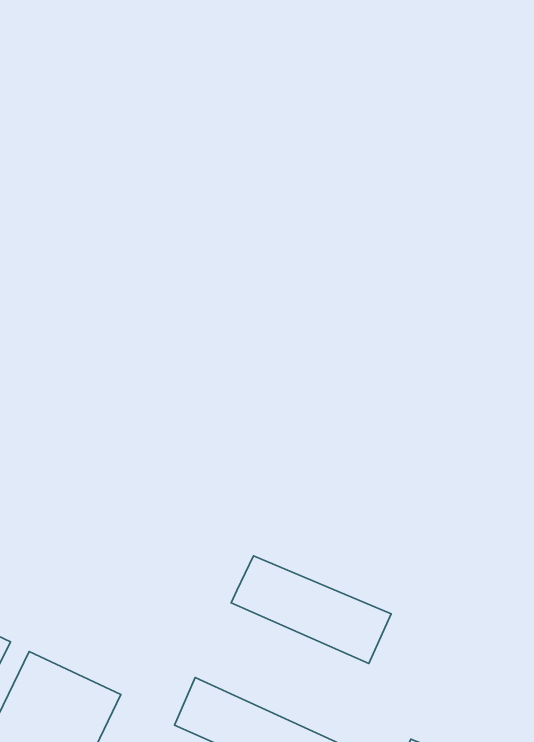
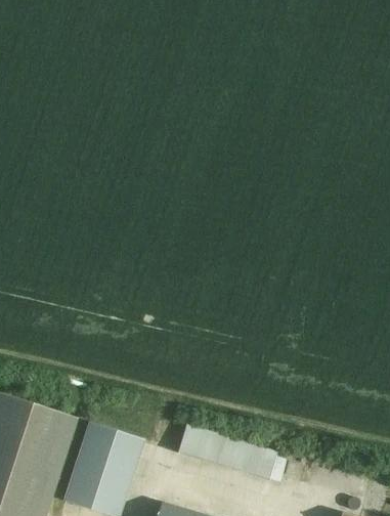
building: [231,556,391,664] -> none

